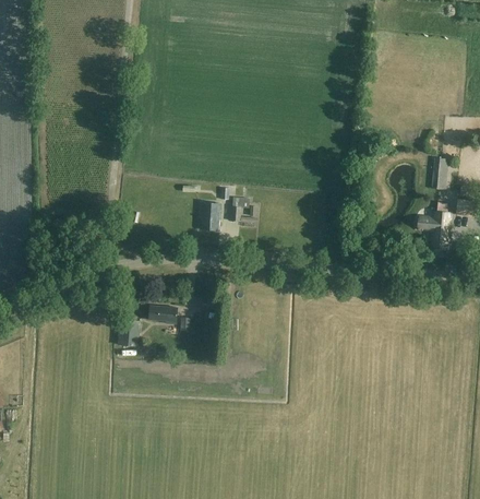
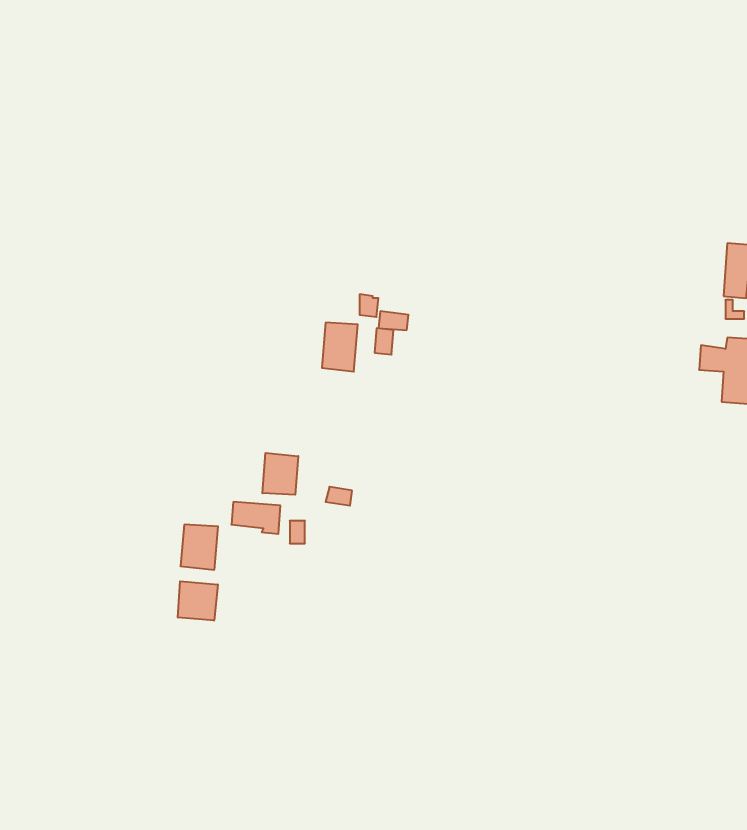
building: none -> [262,453,298,495]
building: none -> [178,581,218,621]

